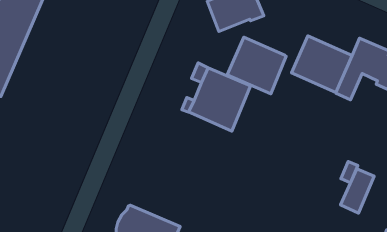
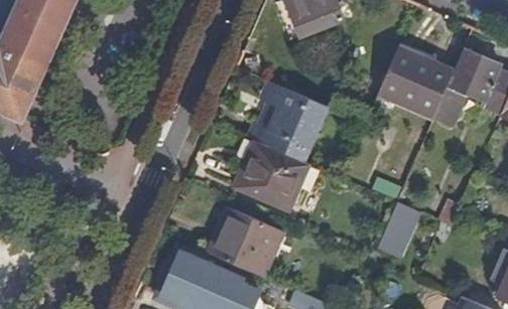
building: [227,37,286,94] -> [236,141,308,210]
building: [341,169,374,213] -> [377,202,418,257]
building: none -> [209,210,283,277]

